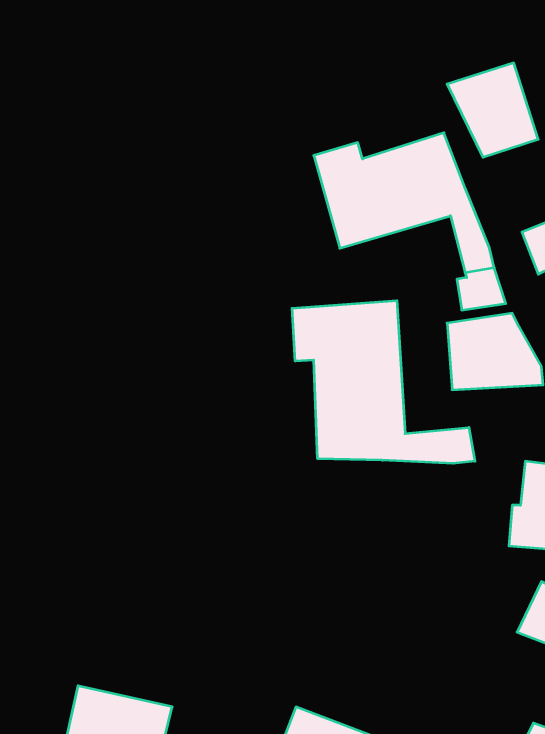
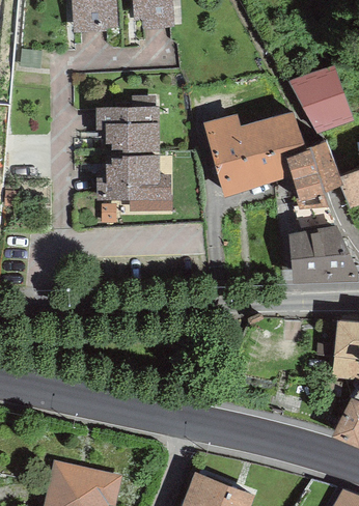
building: none -> [103,109,157,197]
building: none -> [304,141,340,187]
building: [292,301,475,463] -> none

